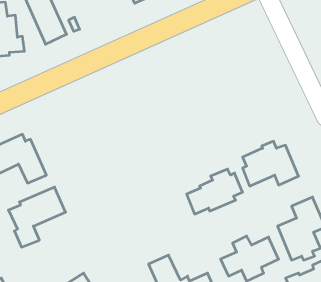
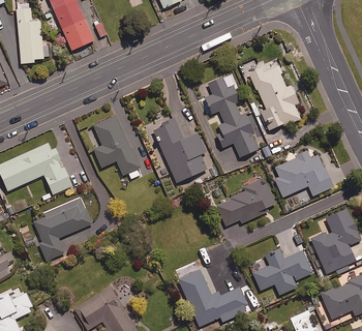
building: none -> [248,59,302,129]
building: none -> [203,77,259,156]
building: none -> [93,113,142,181]
building: none -> [153,118,207,182]

